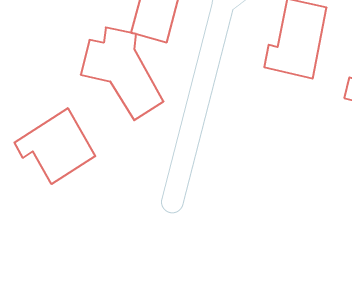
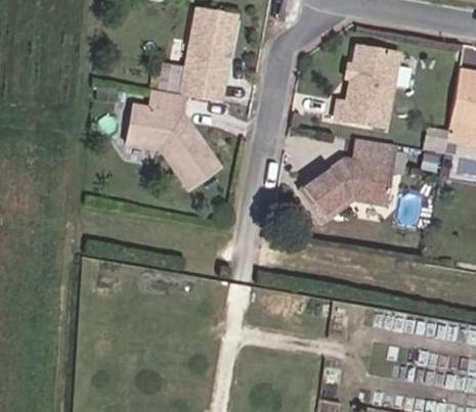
building: none -> [299,138,396,223]
building: [14,108,95,184] -> none

